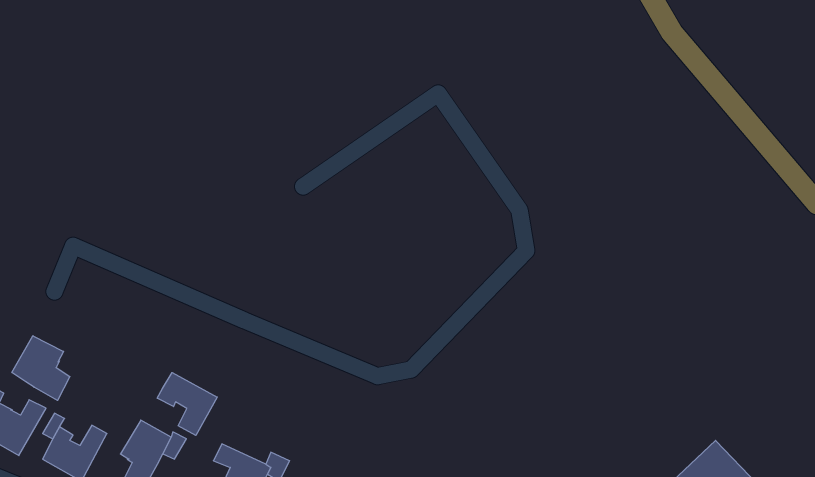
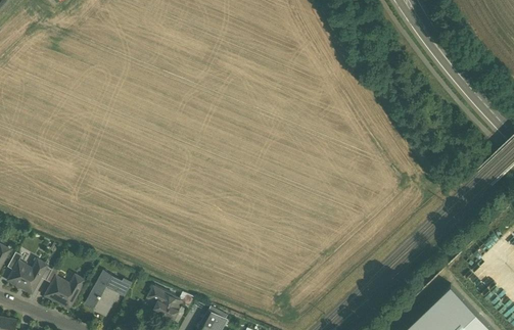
building: [12,336,70,400] -> none
building: [157,373,217,435] -> none

